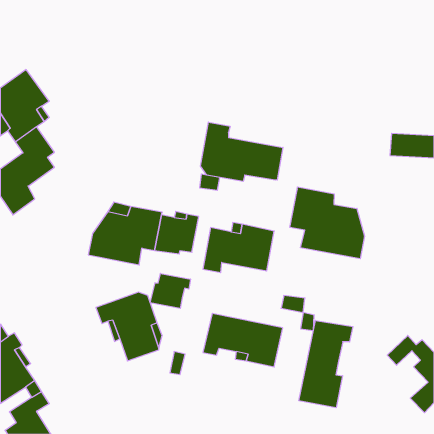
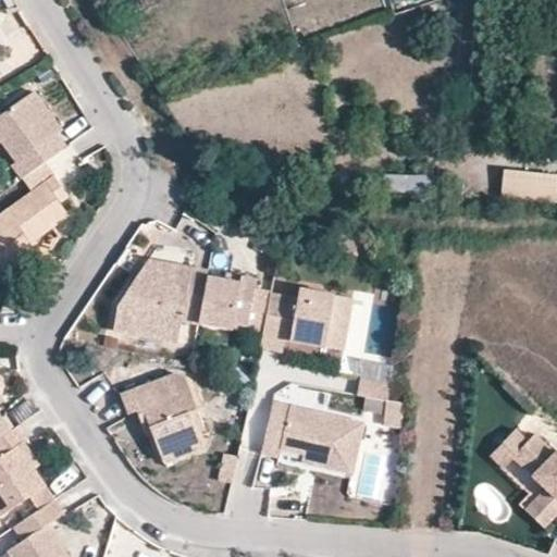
building: [200,122,283,181] -> none
building: [290,187,364,259] -> none
building: [150,273,190,308] -> none
building: [299,320,353,408] -> none

